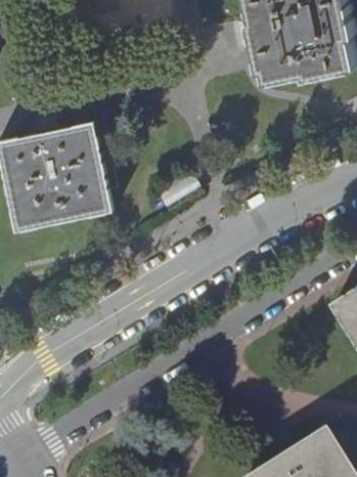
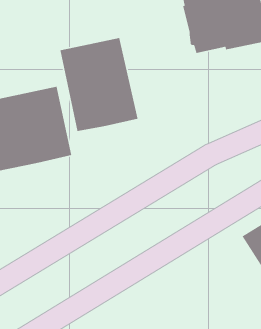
building: none -> [60,37,138,132]

